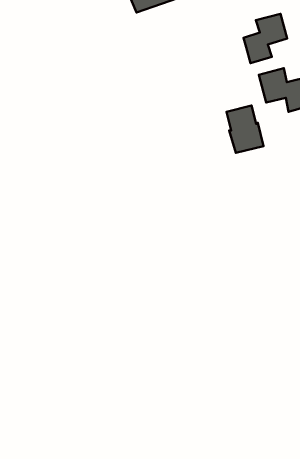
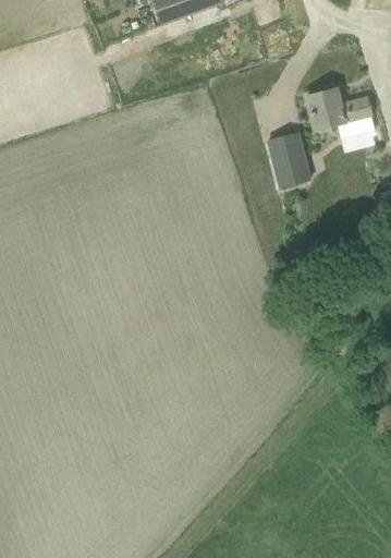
building: [244,14,287,63] -> none

